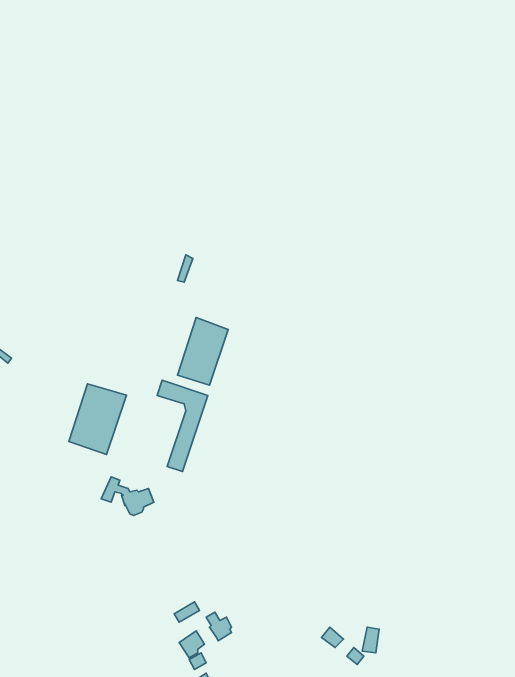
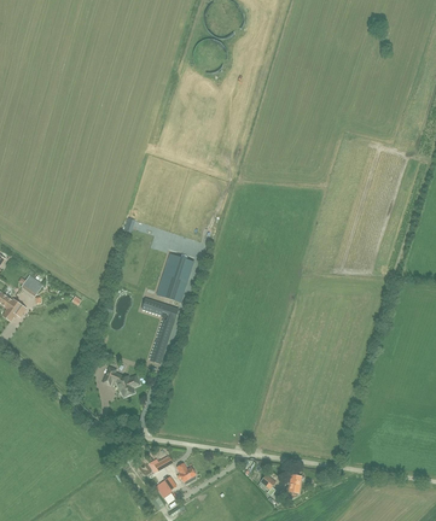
building: [69,384,126,454] -> none

